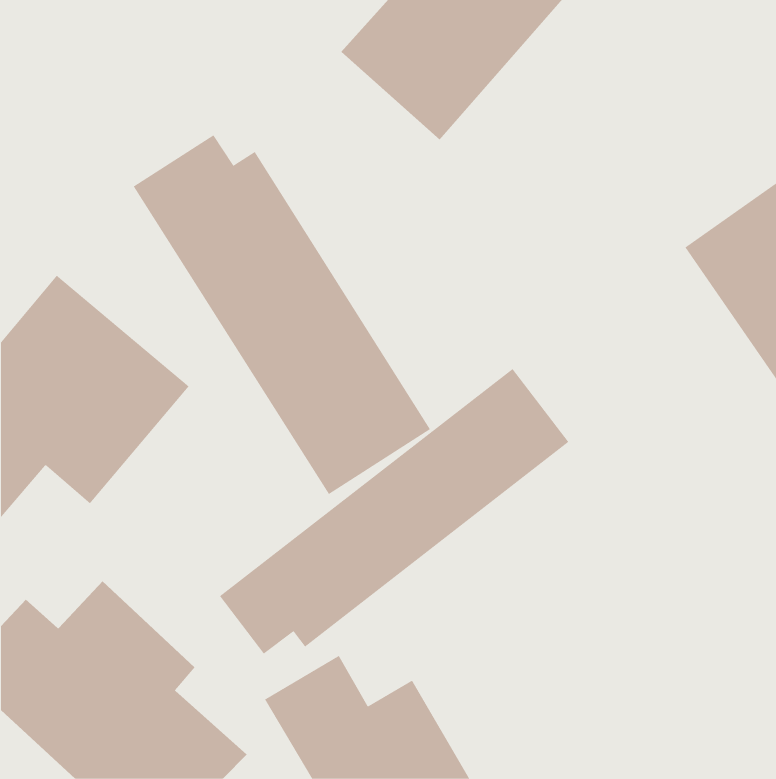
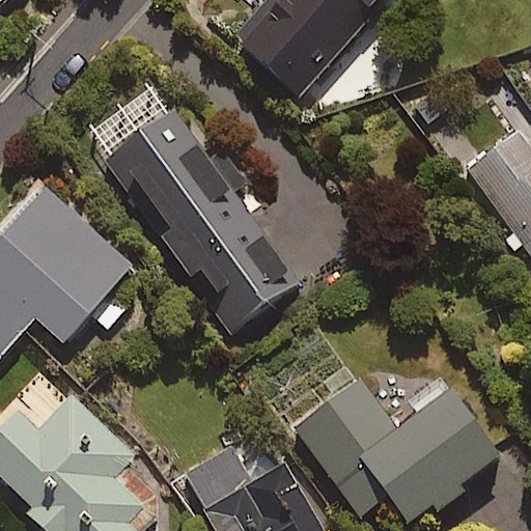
building: [219,368,569,655] -> none
building: none -> [292,376,500,525]

